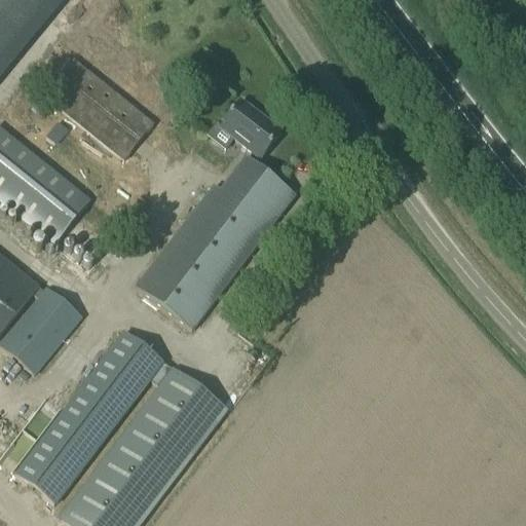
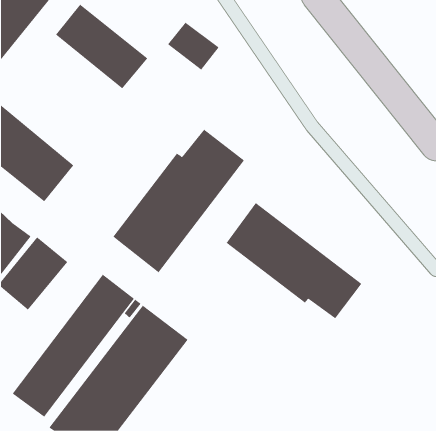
building: [42,57,154,159] -> [55,4,148,89]
building: [219,99,281,157] -> [167,22,219,71]
building: none -> [226,202,362,319]

